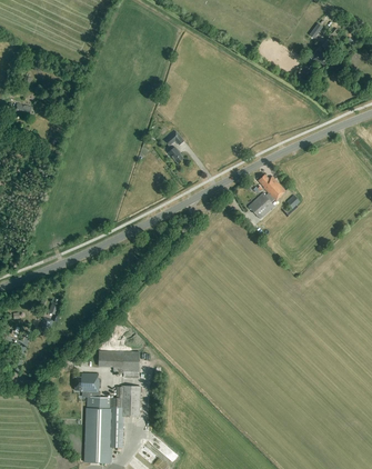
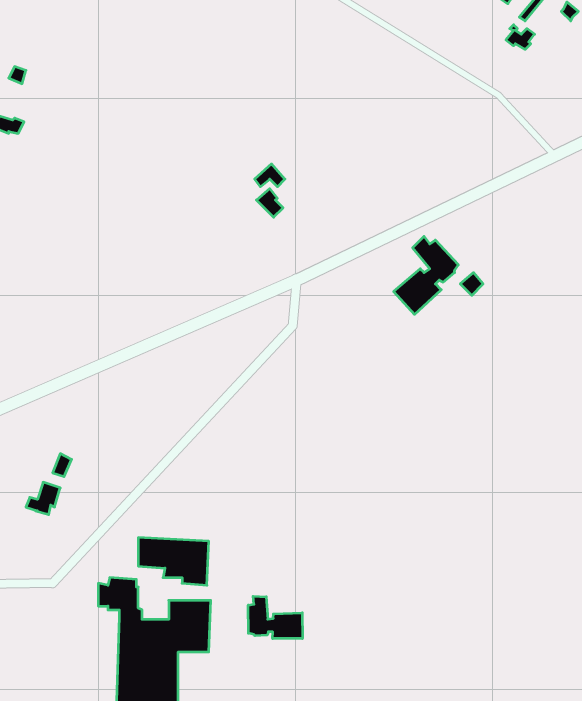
building: none -> [248,596,302,639]

